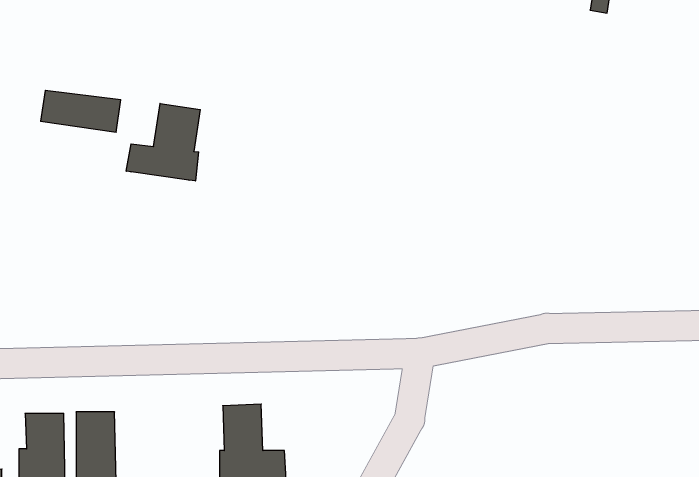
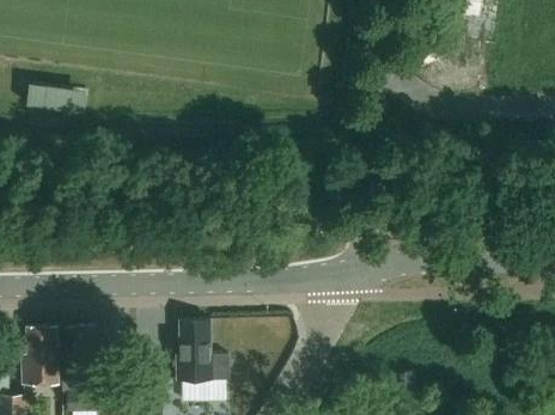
building: [126,103,200,181] -> none

